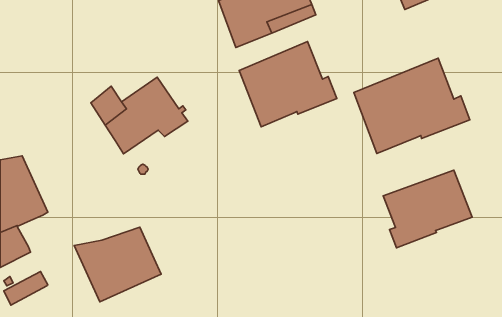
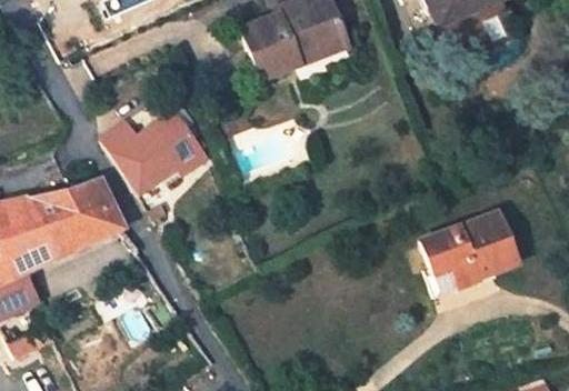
building: [239,41,337,127] -> none
building: [354,58,470,154] -> none
building: [74,227,161,302] -> [29,177,123,258]

